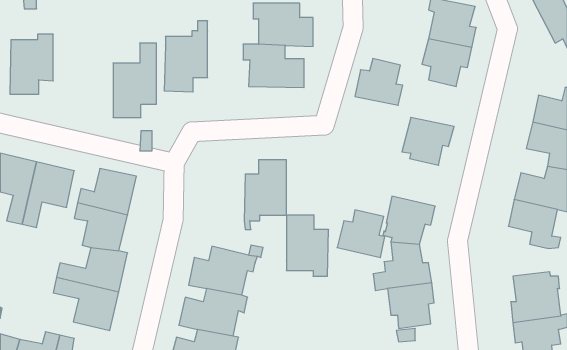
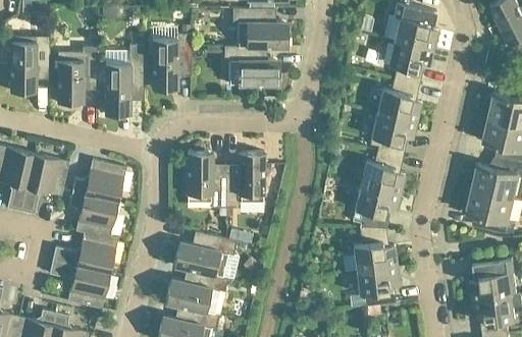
building: none -> [57,47,96,103]
building: [355,59,403,105] -> [377,78,421,121]
building: [337,210,385,258] -> [360,151,404,194]
building: [286,215,329,276] -> [187,152,225,208]

